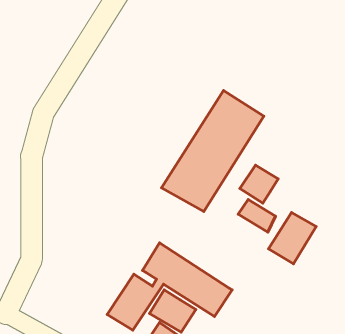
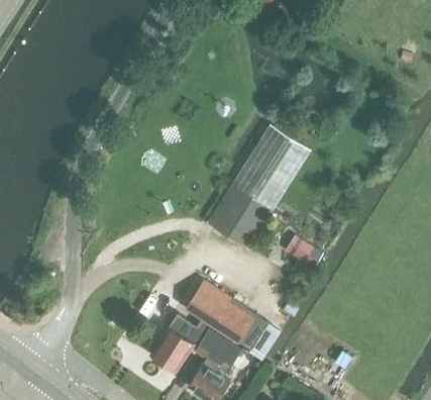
building: [240,165,278,203] -> none
building: [269,213,316,264] -> none

